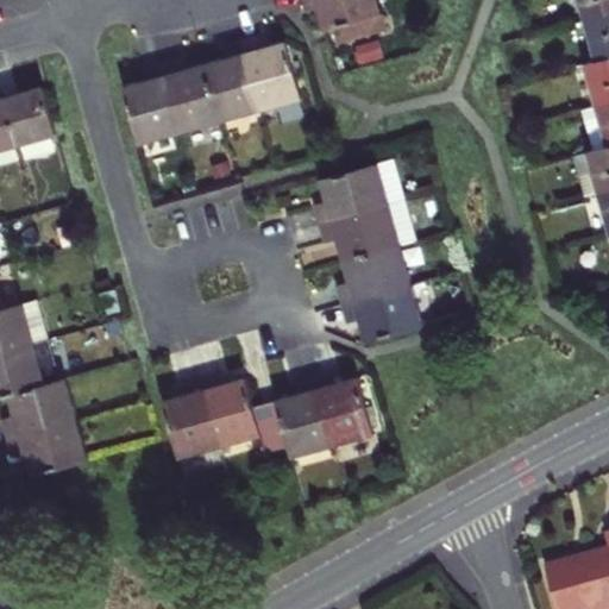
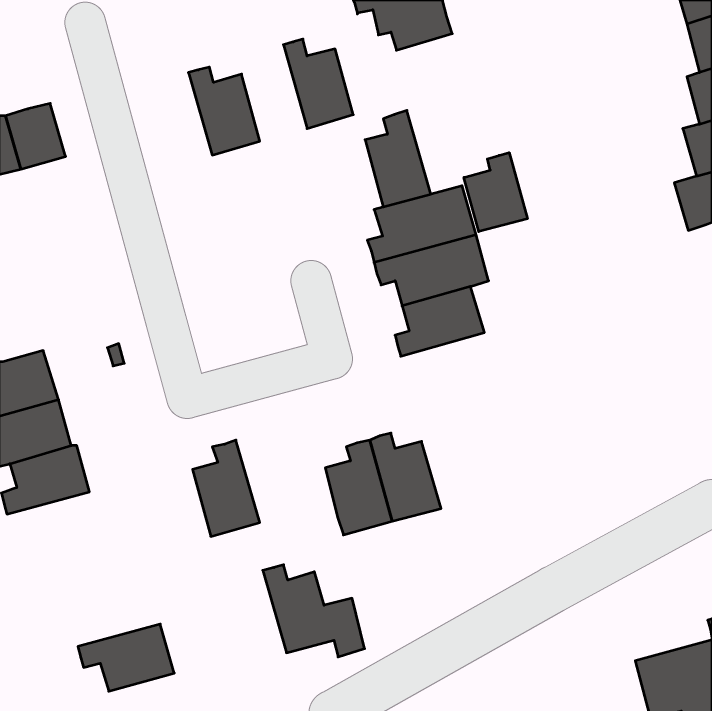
building: [206,40,262,123] -> [365,110,431,207]
building: [124,64,181,146] -> none
building: none -> [464,153,527,232]
building: [341,285,423,344] -> none
building: [201,372,288,451] -> [263,565,365,657]
building: [6,421,88,478] -> [78,624,174,691]

